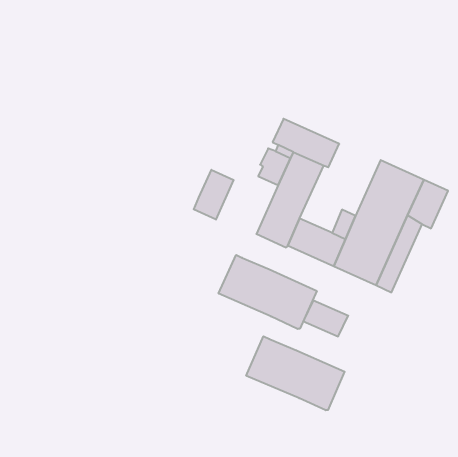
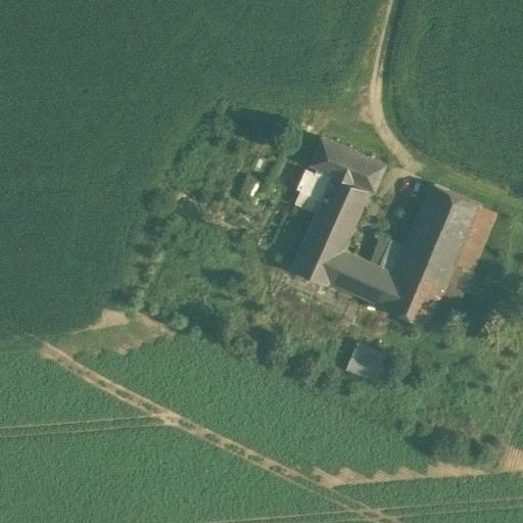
building: [194,170,234,220] -> none
building: [219,255,317,329] -> none
building: [246,336,345,410] -> none

